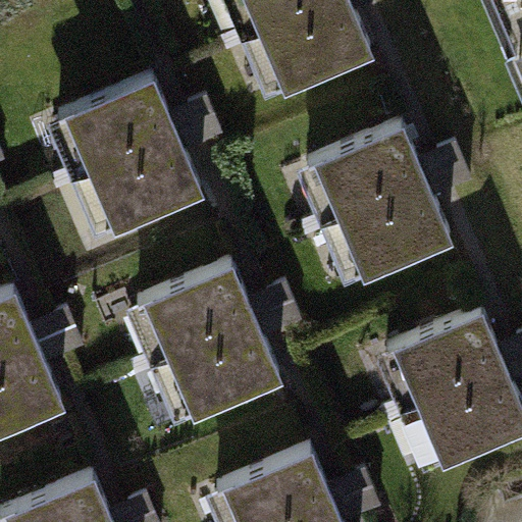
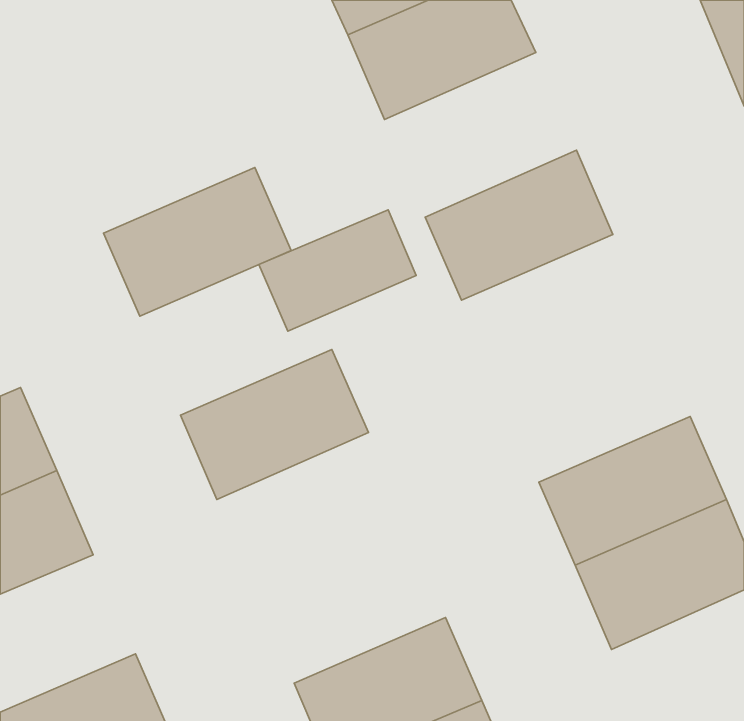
building: [47,75,178,179] -> none
building: none -> [259,210,416,331]
building: [323,180,455,284] -> none
building: [152,319,283,424] -> none

